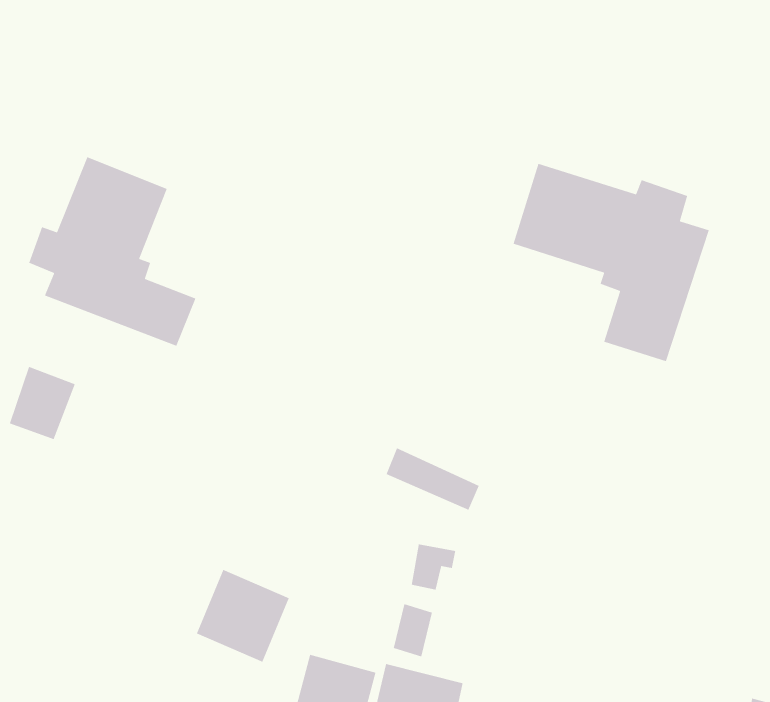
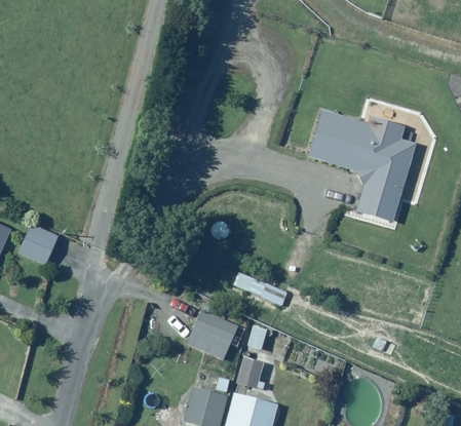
building: [28,156,196,347] -> none
building: [196,569,290,663] -> [185,308,238,361]

